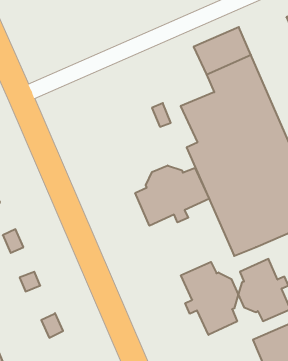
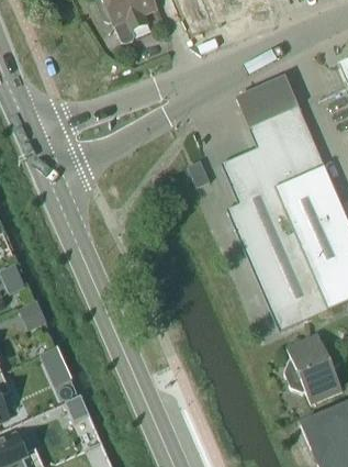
building: [135,165,209,226] -> none
building: [181,262,238,335] -> none

